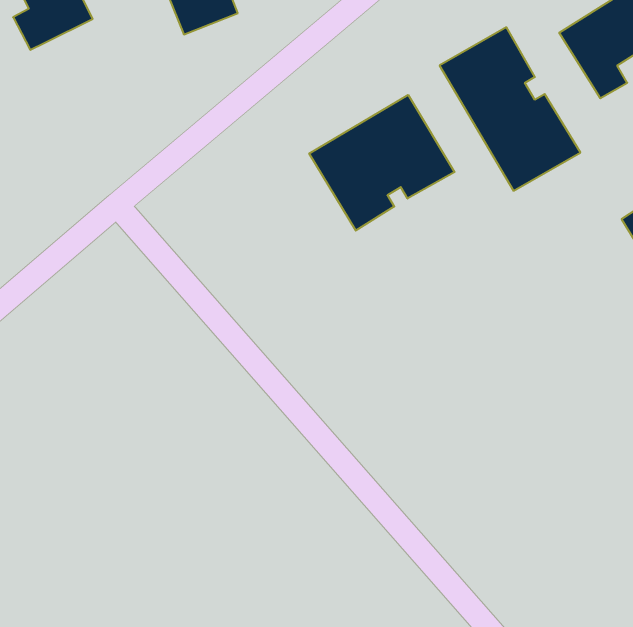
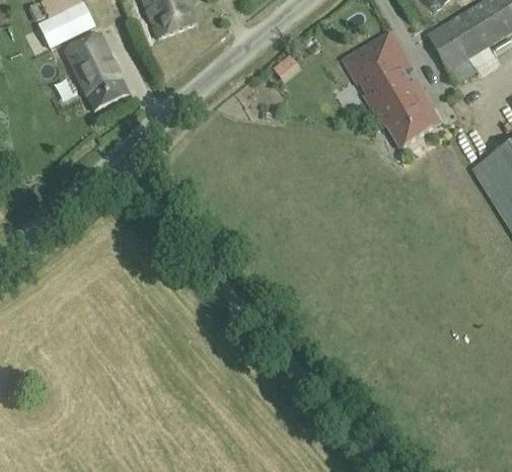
building: none -> [64,32,127,108]
building: [309,95,455,231] -> none

